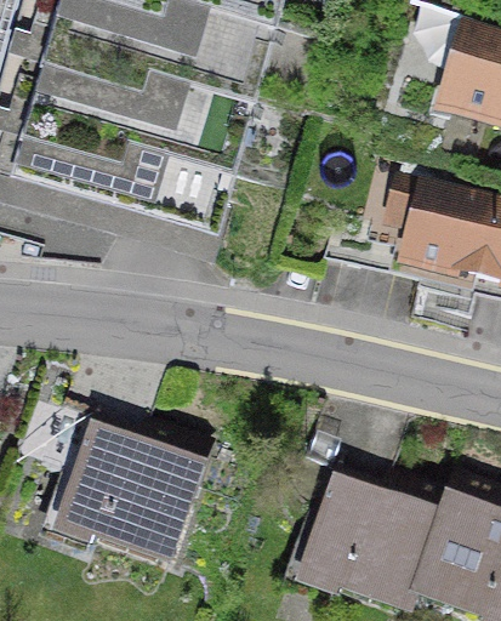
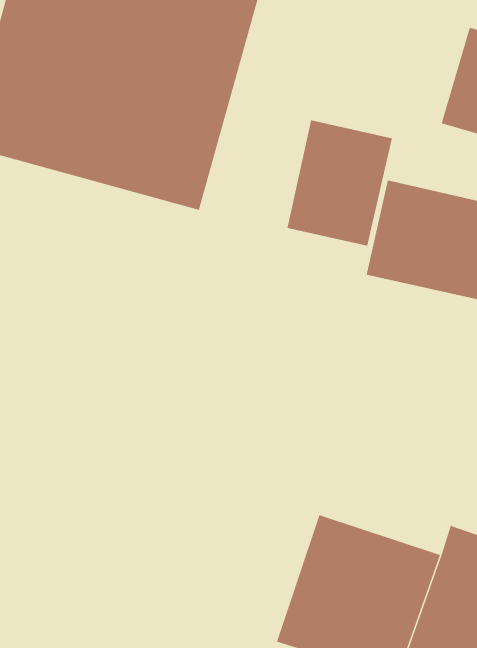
building: none -> [287,119,392,247]
building: [50,411,200,566] -> none

